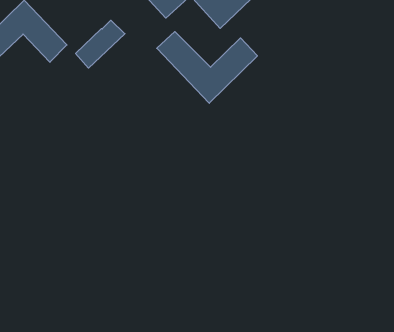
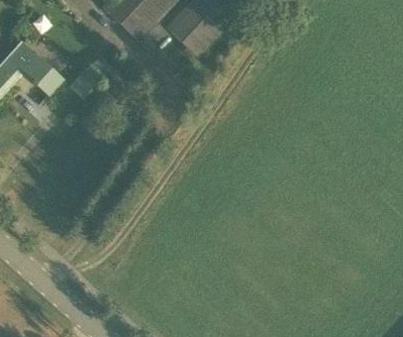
building: [157,32,257,103] -> none

